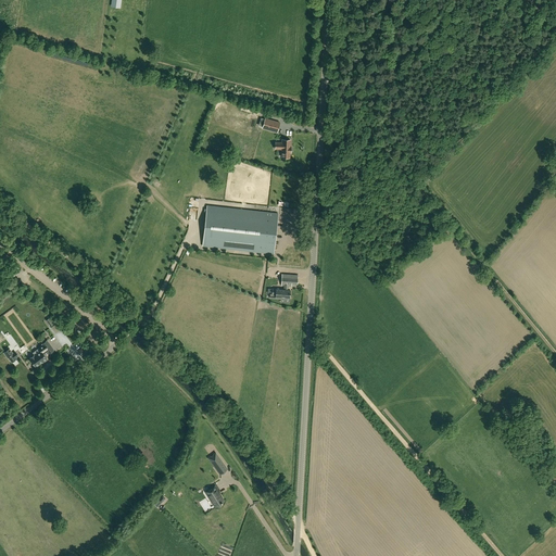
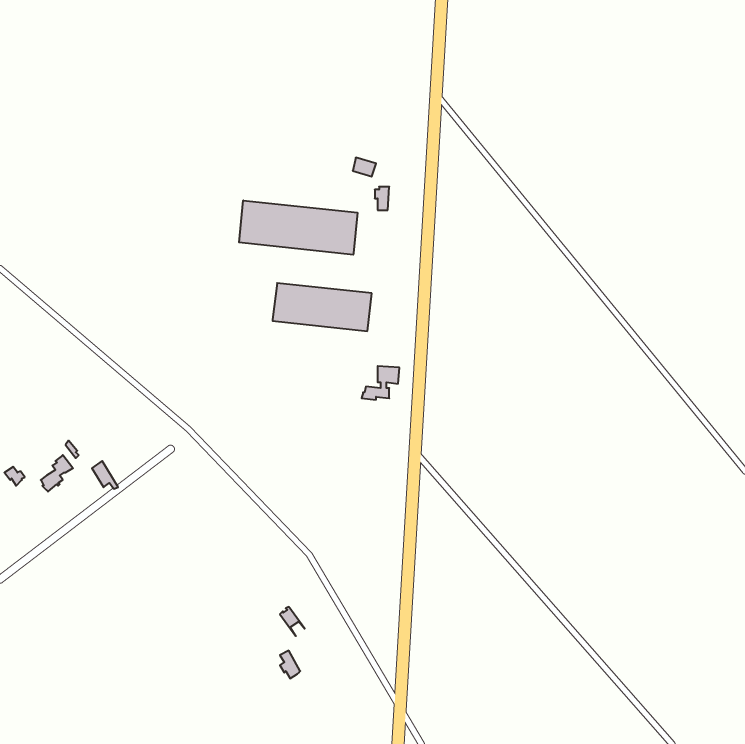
building: none -> [239,200,357,255]

